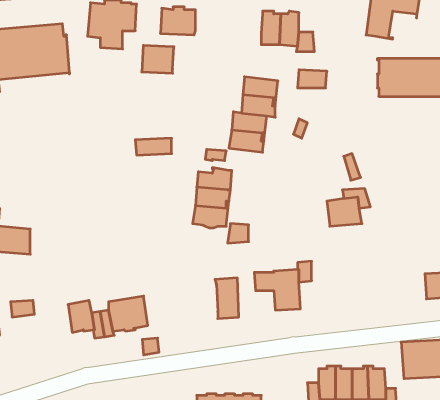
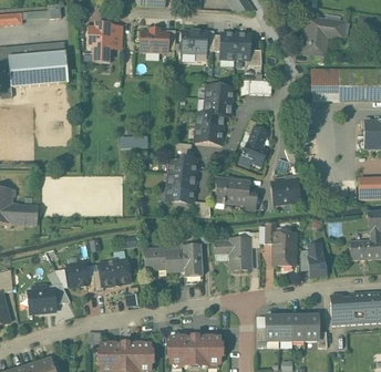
building: [142,45,174,73] -> [181,30,206,52]
building: none -> [236,140,266,165]
building: none -> [216,177,256,209]
building: none -> [272,232,295,266]
building: none -> [306,245,331,280]
building: none -> [144,247,185,271]
building: none -> [27,287,55,313]

